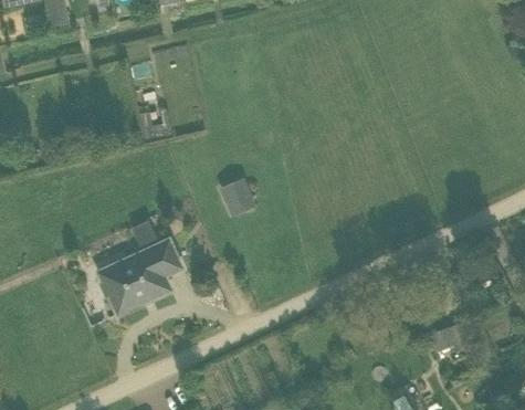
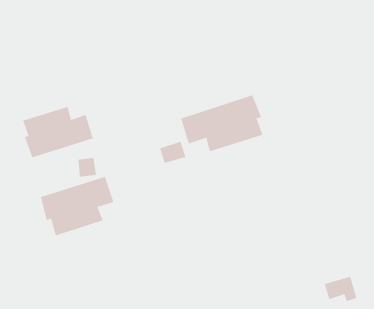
building: none -> [180,95,263,152]
building: none -> [22,106,93,158]

